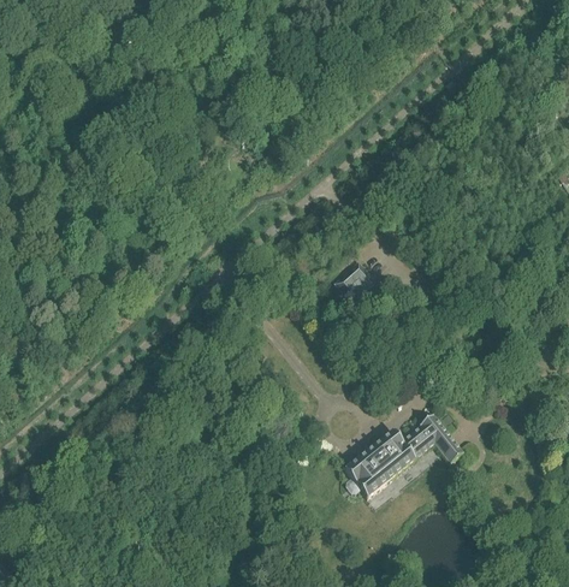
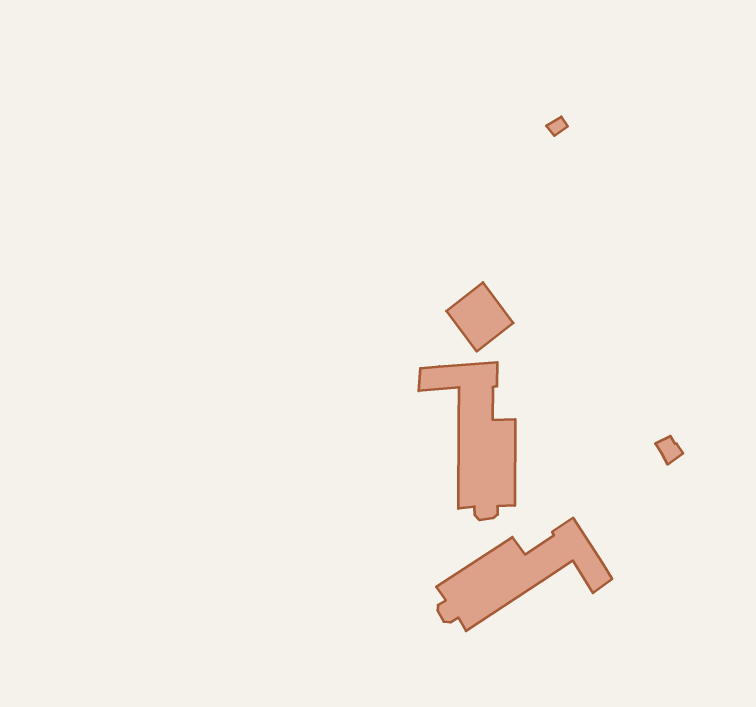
building: none -> [419,362,515,520]

